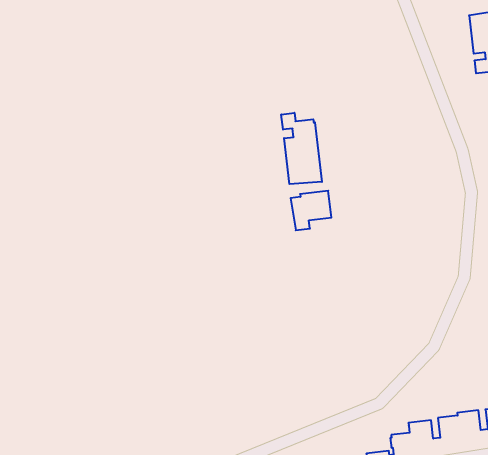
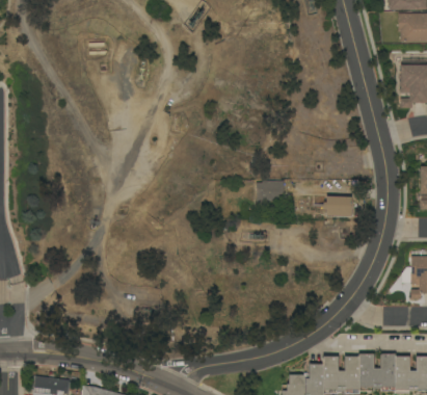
building: [281,113,322,184] -> none
building: none -> [323,196,352,216]

